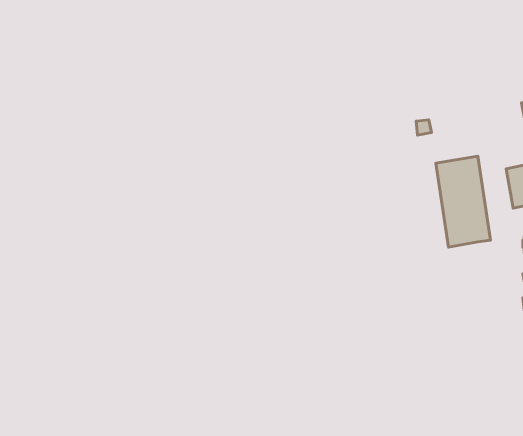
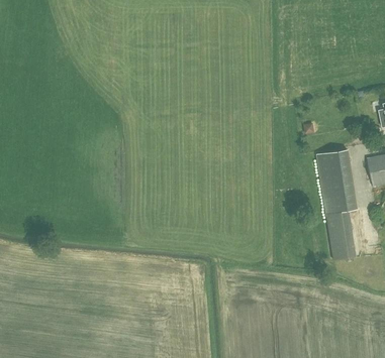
building: none -> [325,210,355,260]

